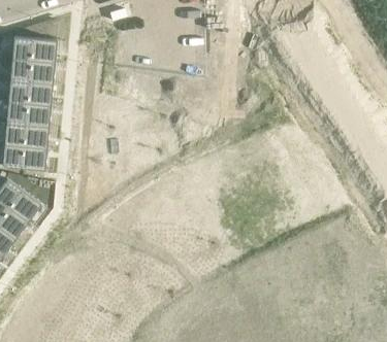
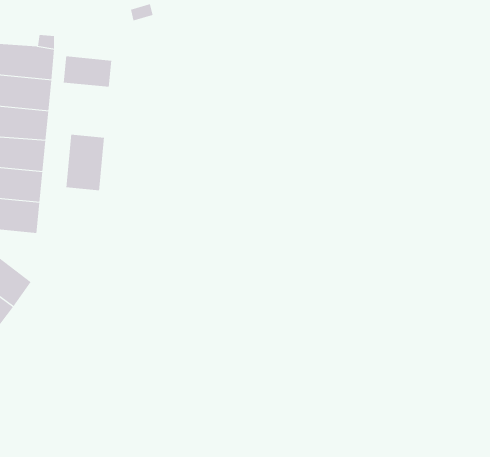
building: none -> [63,56,112,88]
building: none -> [66,134,105,191]

